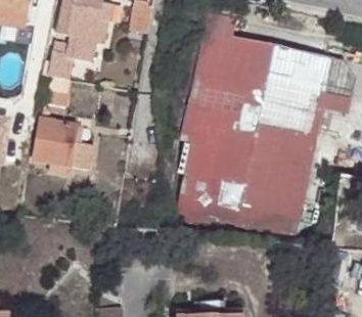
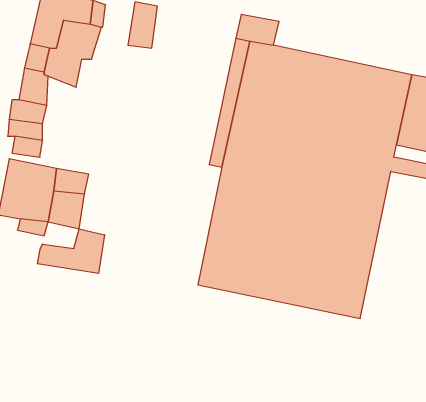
building: none -> [38,229,105,273]

